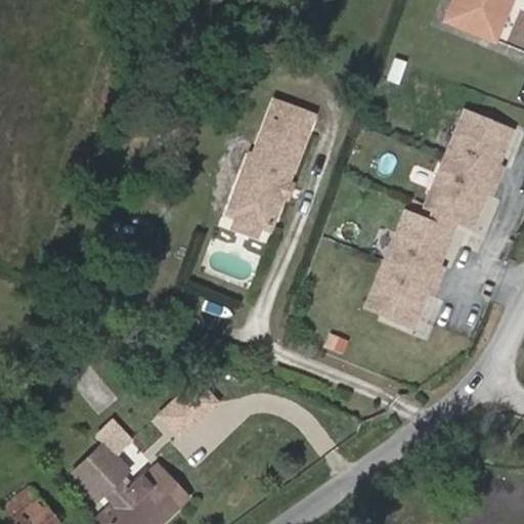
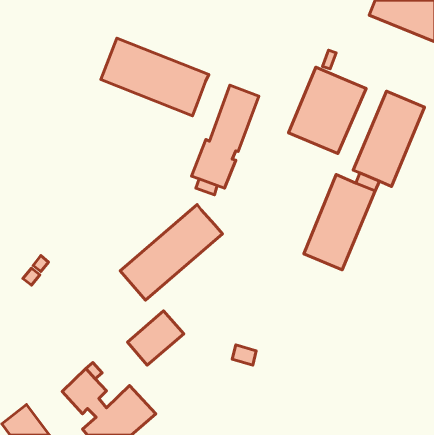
building: none -> [101,38,209,116]
building: none -> [288,67,366,154]
building: none -> [120,204,222,300]

